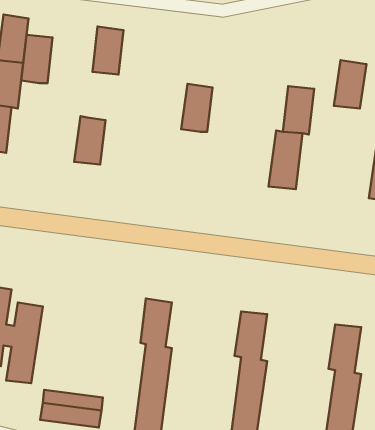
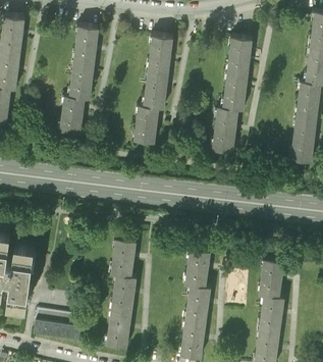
building: [21,35,53,83] -> [70,60,95,98]
building: none -> [149,35,173,72]
building: [334,60,367,108] -> [227,36,253,73]
building: none -> [134,104,159,142]

